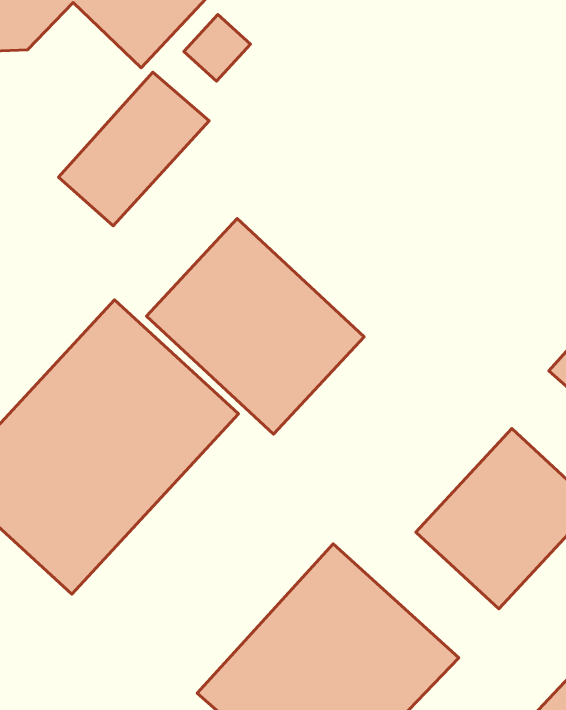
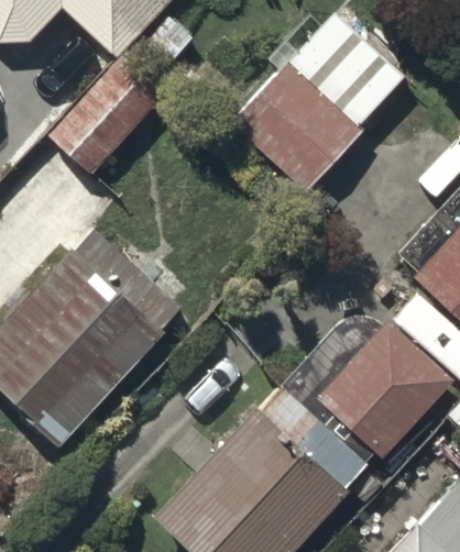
building: none -> [232,13,406,189]
building: [146,218,364,434] -> none

